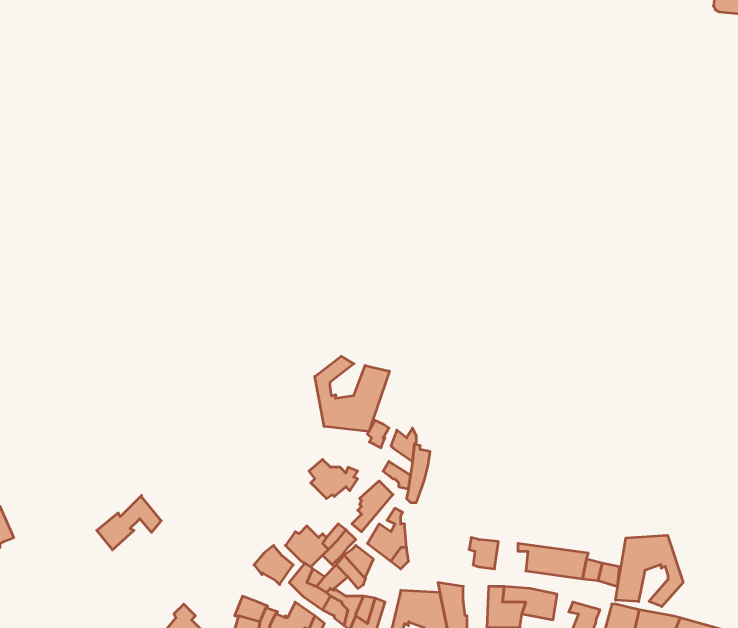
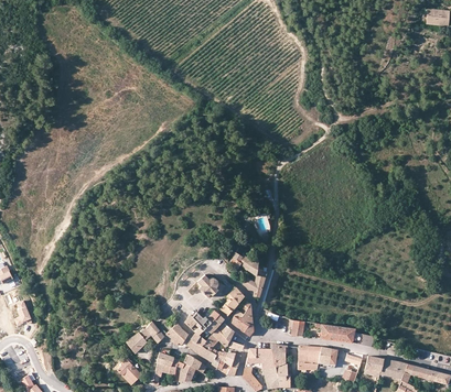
building: [315,356,389,431] -> none
building: [97,495,161,550] -> [127,322,163,352]
building: [616,535,683,607] -> none

